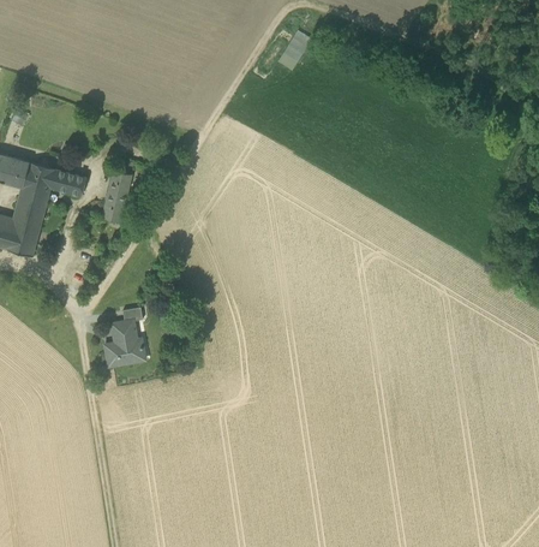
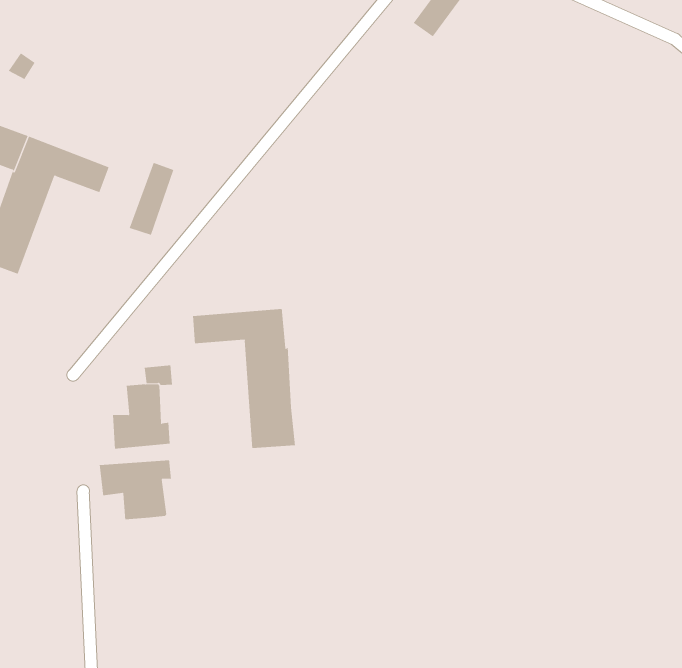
building: none -> [192,308,296,449]
building: none -> [99,459,172,520]

